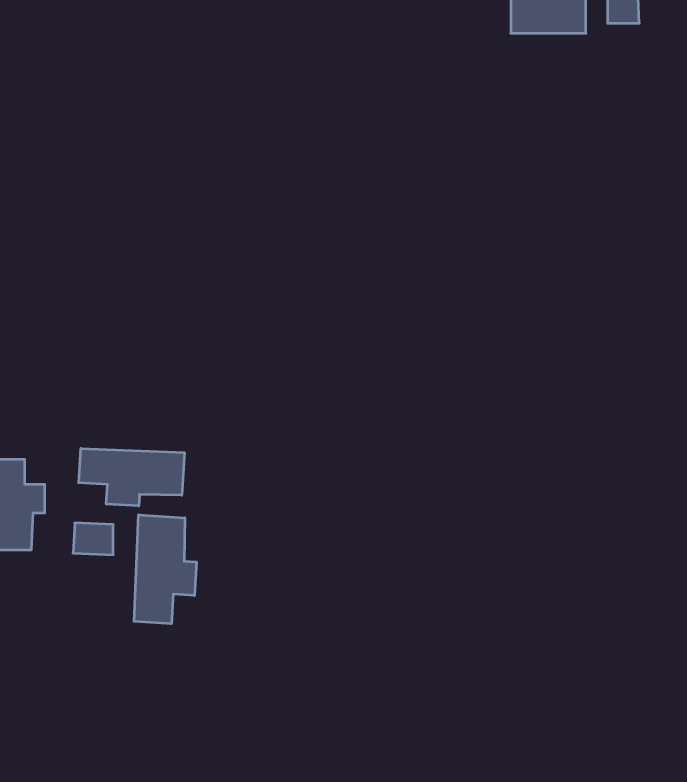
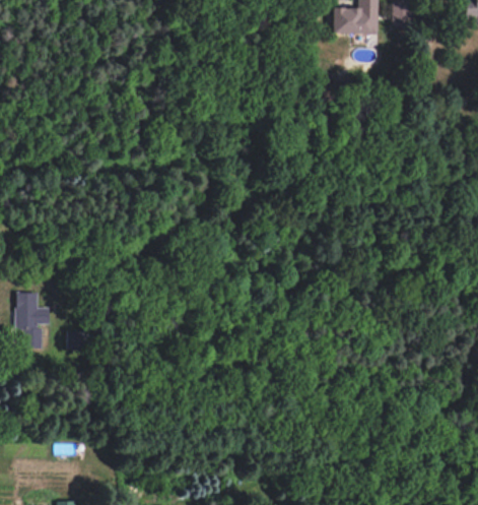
building: [79,448,184,506] -> none
building: [134,515,196,624] -> none

